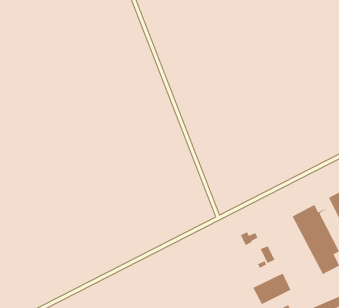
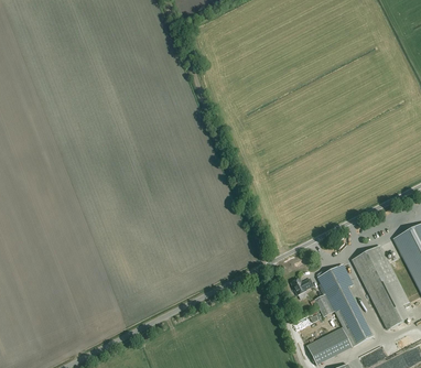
building: none -> [317,263,373,345]

